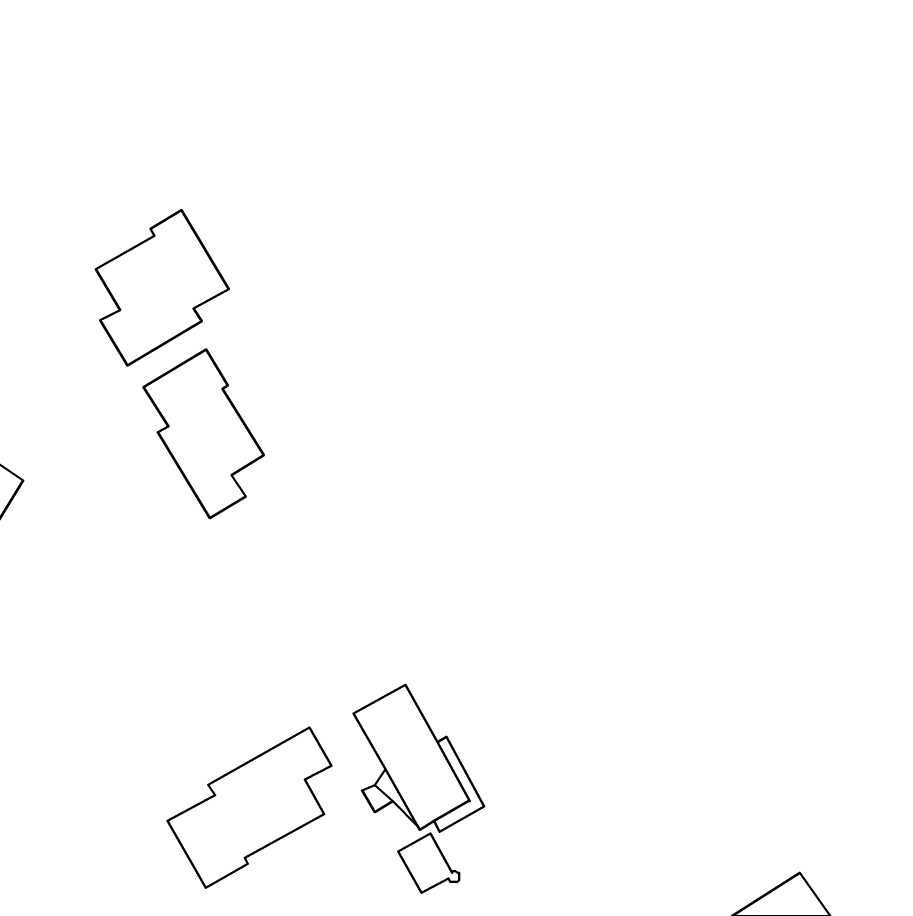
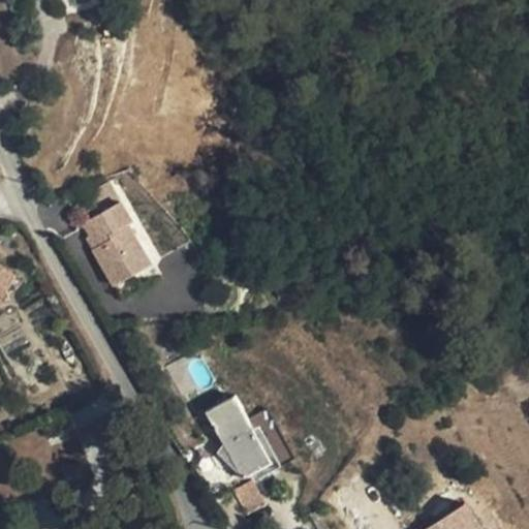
building: [96,210,229,365] -> none
building: [168,727,331,888] -> none

